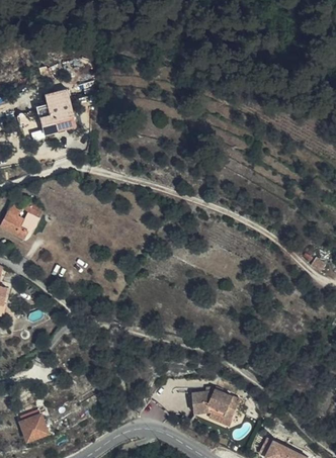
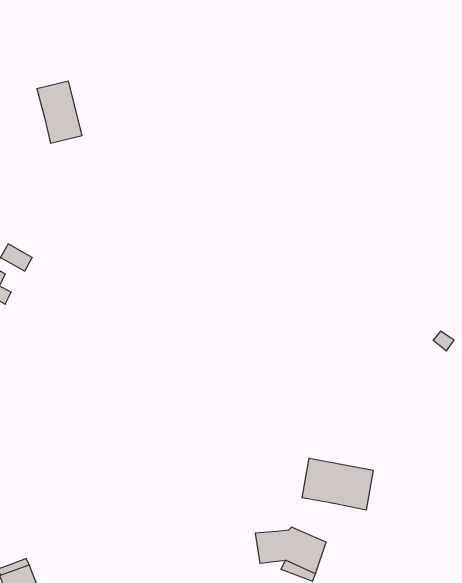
building: none -> [302,458,373,510]

